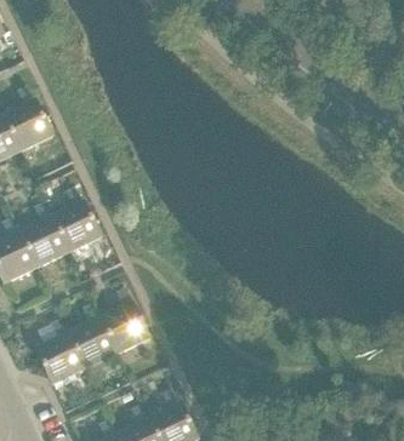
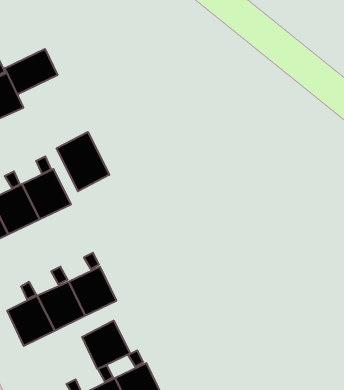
building: none -> [5,49,57,94]
building: none -> [57,132,109,191]
building: none -> [82,321,130,369]

